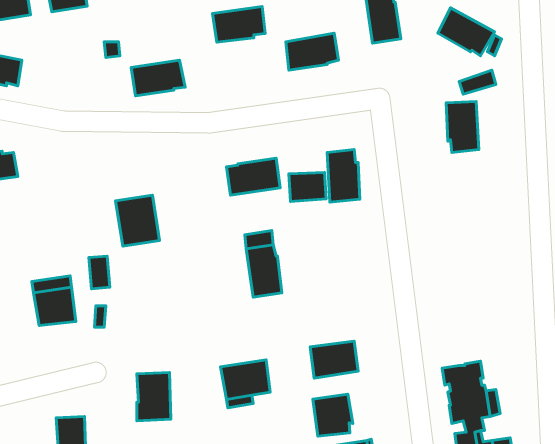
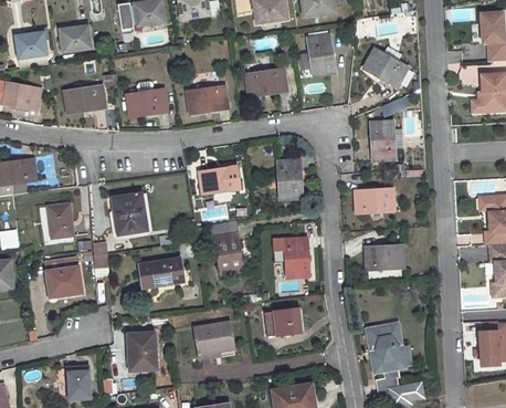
building: [213,7,265,42] -> [187,85,228,113]
building: none -> [63,84,105,113]
building: [289,173,326,201] -> none
building: none -> [355,187,394,212]
building: none -> [49,202,74,237]
building: none -> [284,238,309,276]
building: none -> [365,244,404,270]
building: none -> [139,258,183,287]
building: [313,394,353,436] -> none

